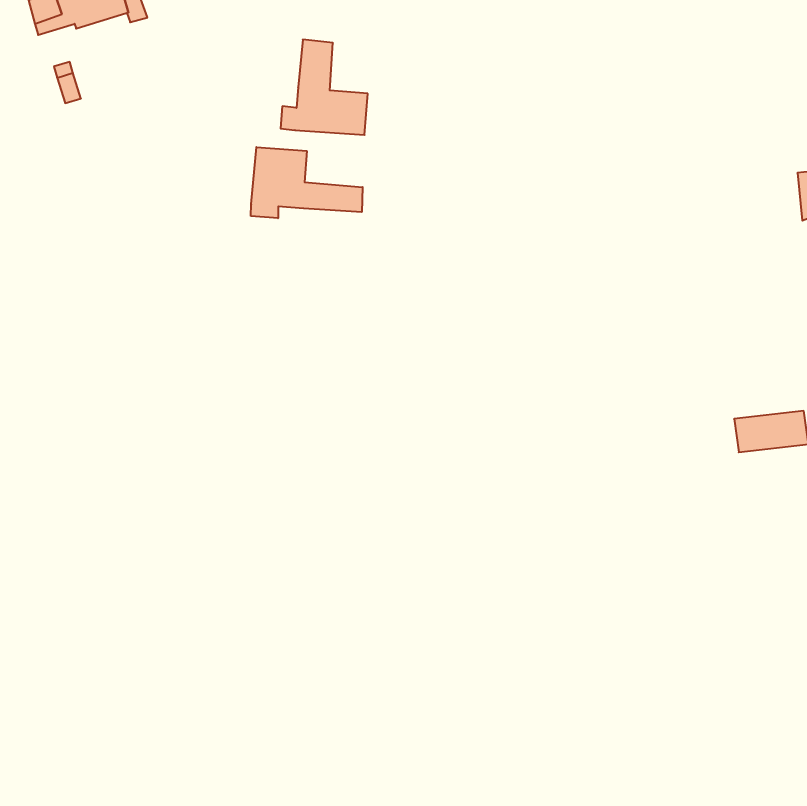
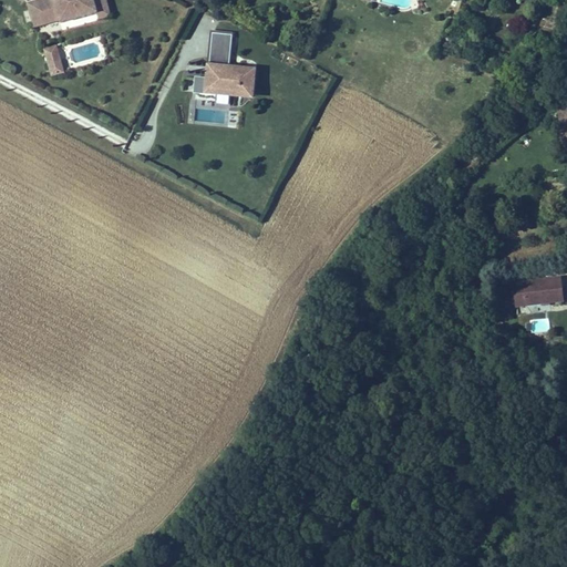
building: [251,147,363,218] -> none

